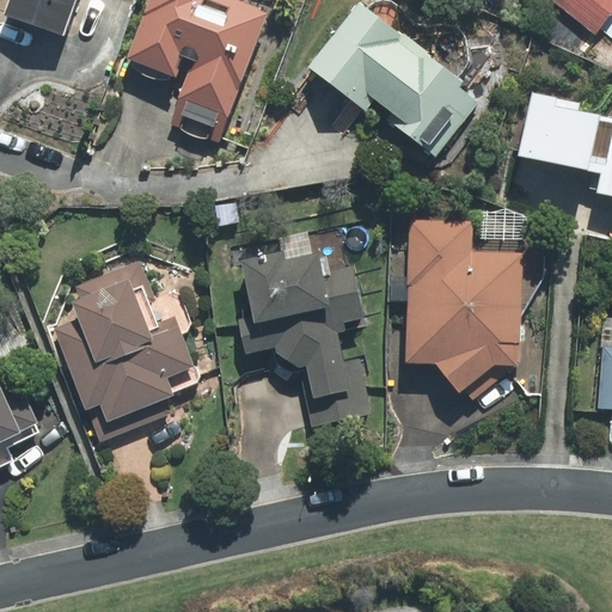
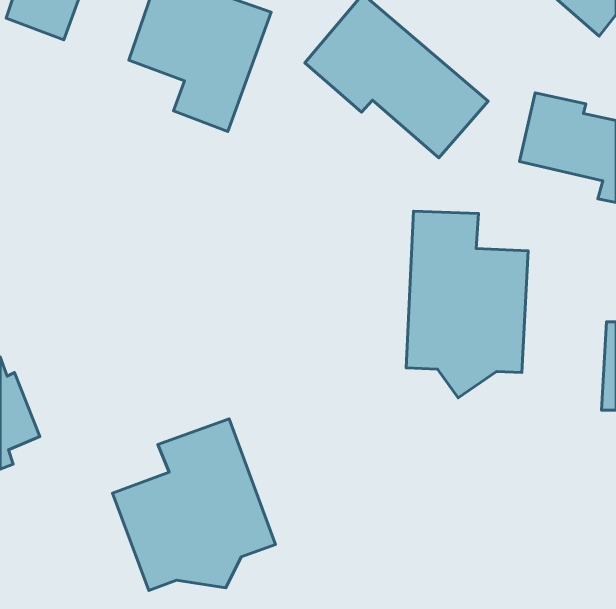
building: [237,228,374,426] -> none
building: [51,253,200,437] -> none
building: none -> [113,419,276,591]

